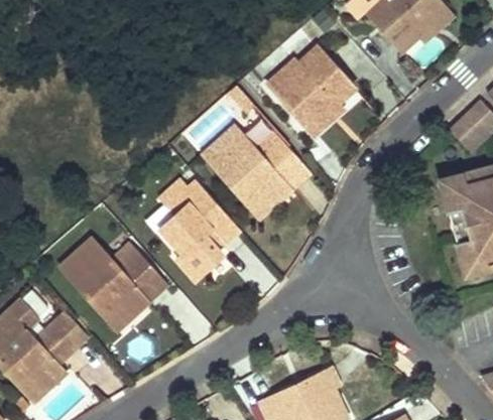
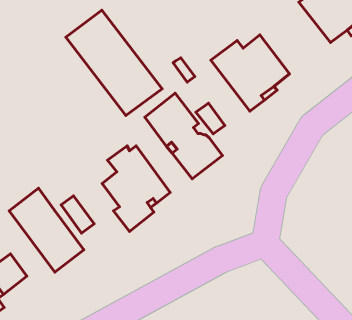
building: none -> [66,10,162,116]
building: [256,147,306,187] -> none
building: [110,256,165,303] -> none

